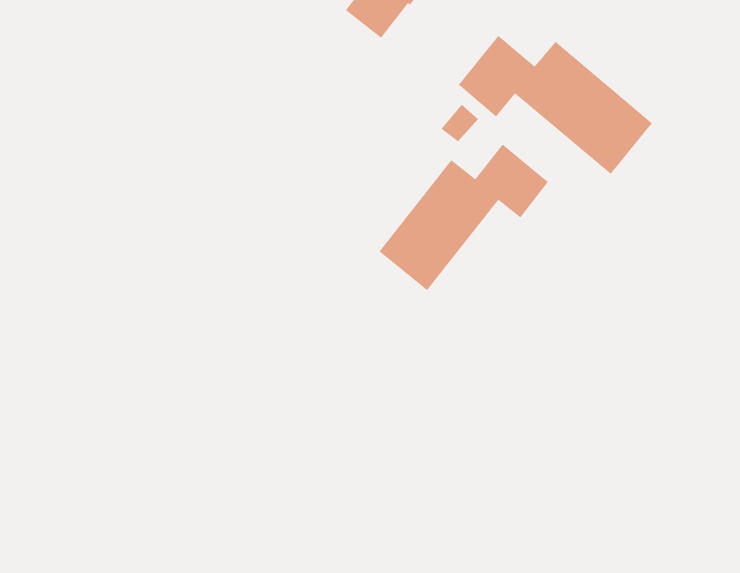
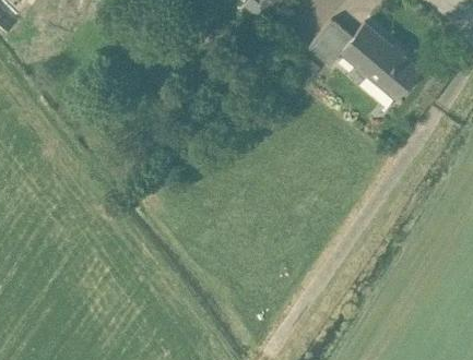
building: [379,144,549,291] -> none

